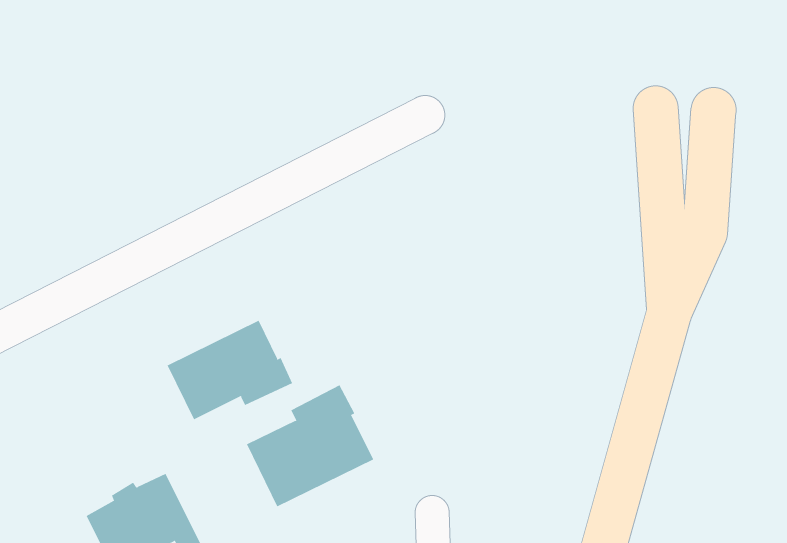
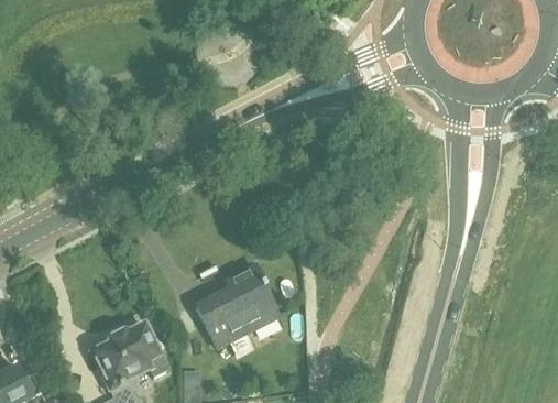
building: [167,320,293,420] -> none

